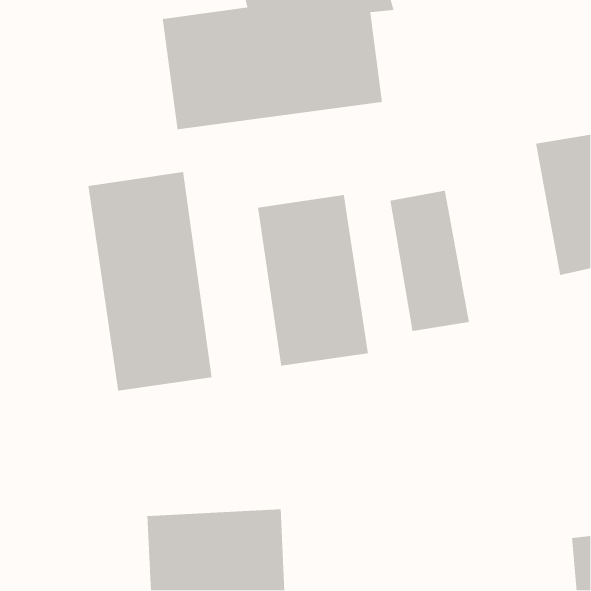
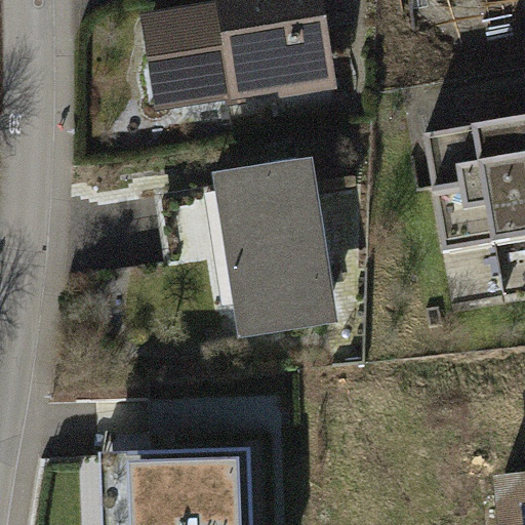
building: [87,171,213,392] -> none
building: [390,190,470,332] -> [422,126,493,251]

